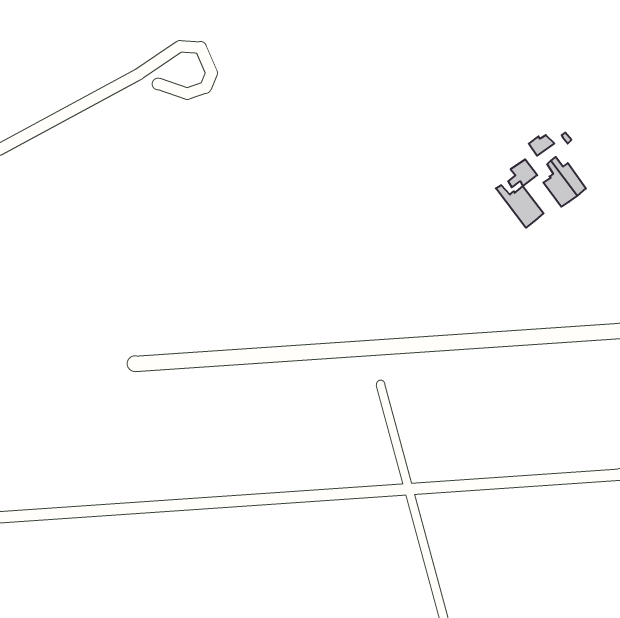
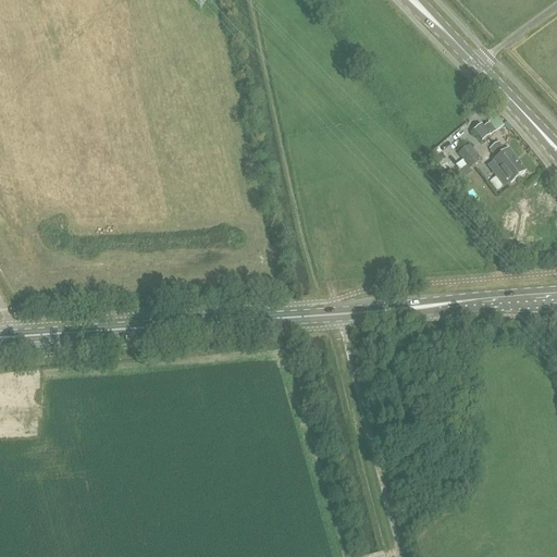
building: [496,185,544,228] -> none

